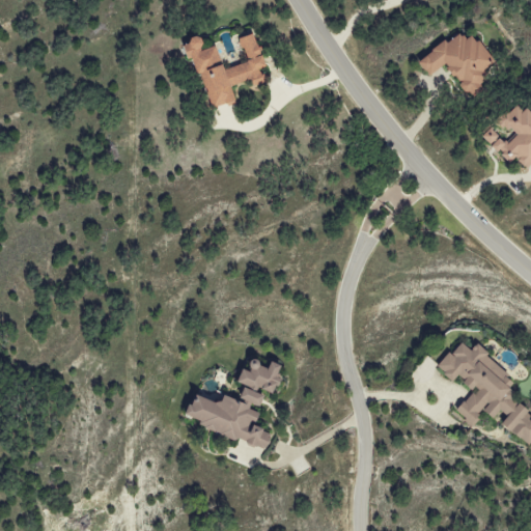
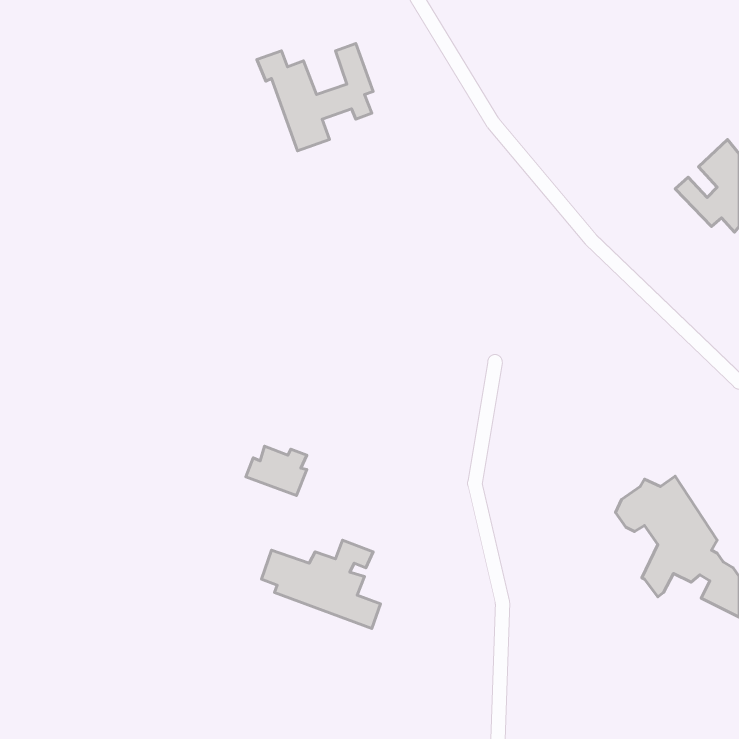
building: [418,31,493,93] -> none
building: [240,359,283,394] -> [246,446,307,496]

